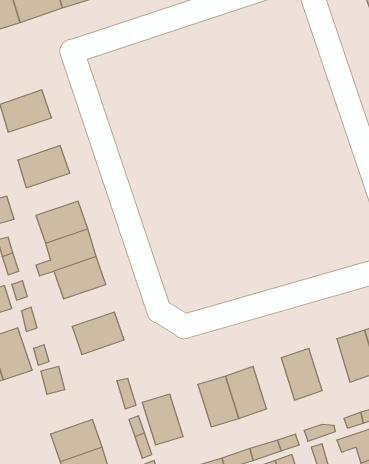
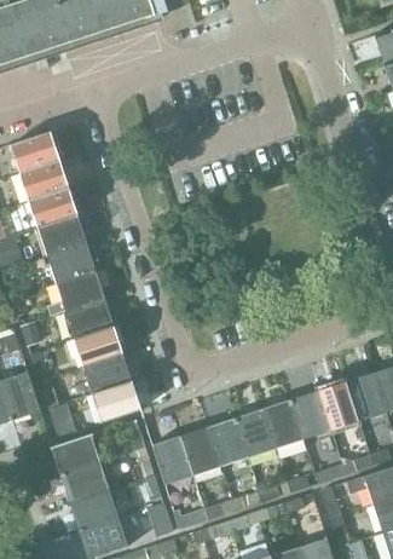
building: none -> [17,159,69,201]
building: none -> [35,214,87,257]
building: none -> [73,325,123,368]
building: none -> [318,380,359,432]
building: none -> [91,381,141,423]
building: none -> [262,399,304,450]
building: none -> [179,426,220,478]
building: none -> [50,433,102,476]

